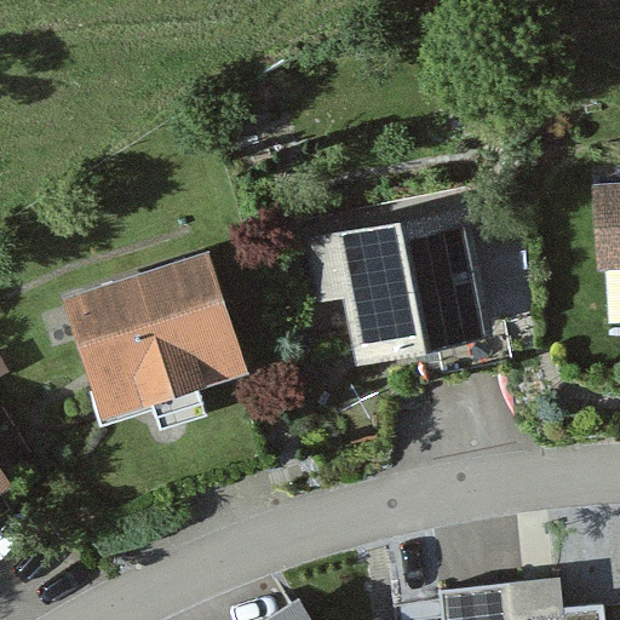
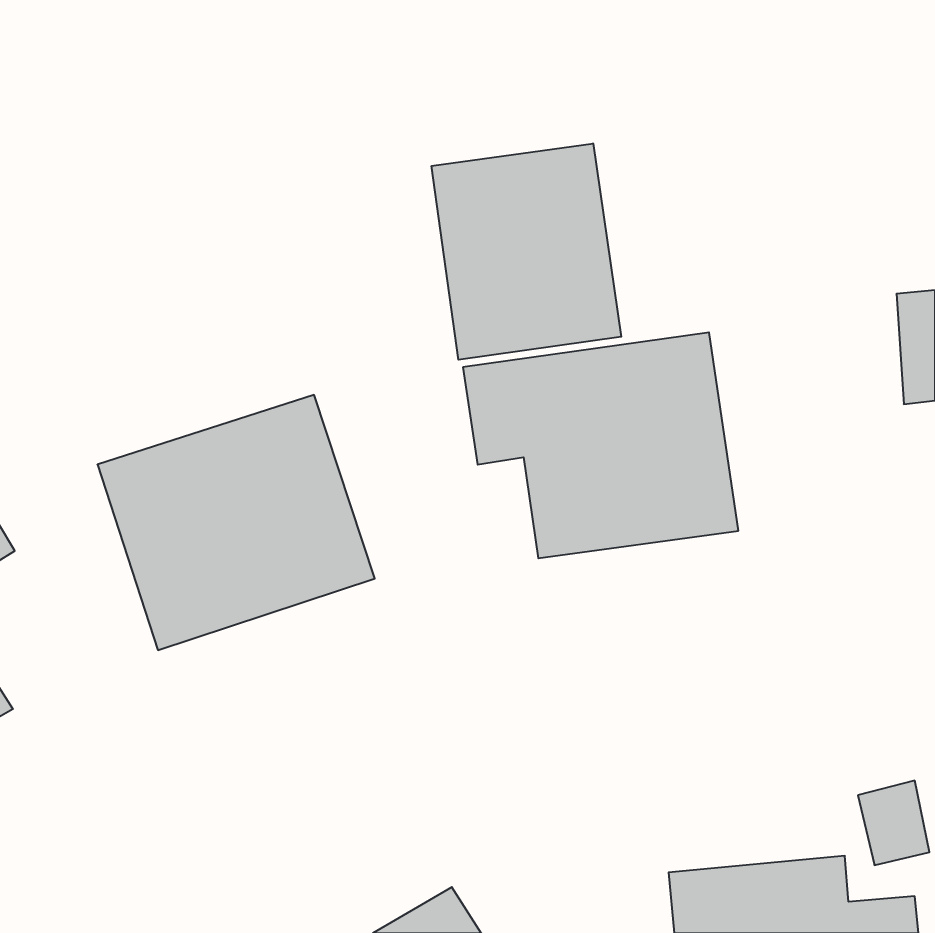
building: none -> [432,143,621,360]

